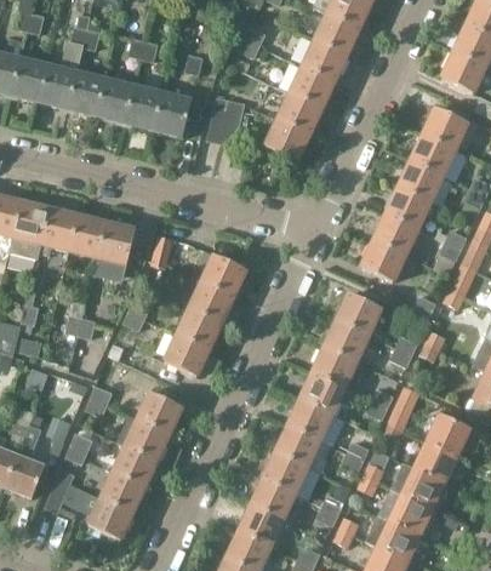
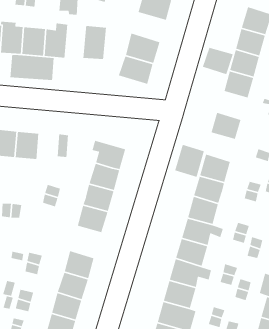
building: [275,91,325,135] -> [118,55,154,85]
building: none -> [10,54,55,81]
building: [372,213,417,255] -> [202,47,234,75]
building: none -> [174,144,205,178]

